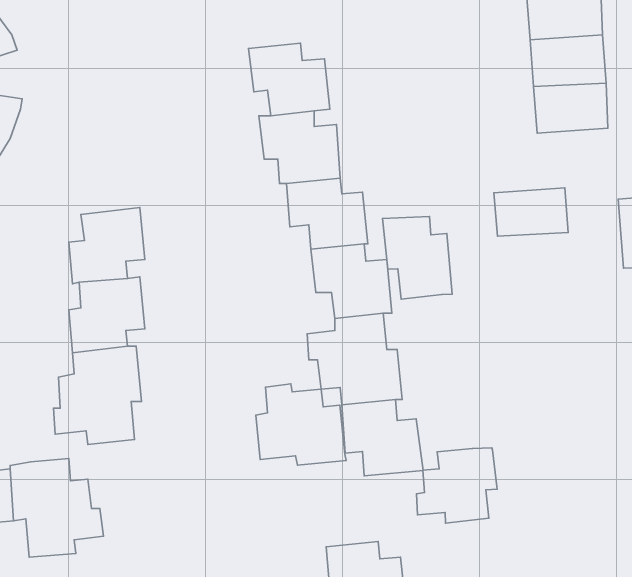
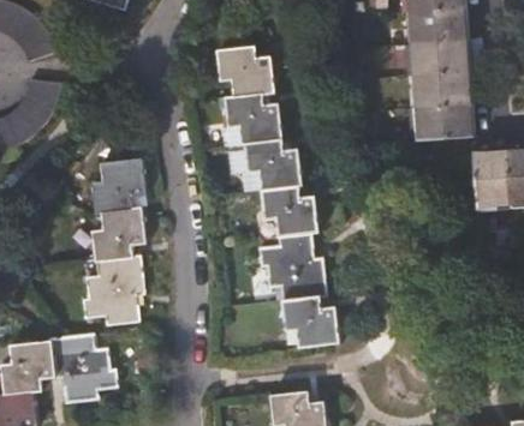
building: [494,188,568,236] -> [418,106,470,139]
building: [383,217,452,299] -> none
building: [256,384,346,465] -> none
building: [417,448,497,523] -> none

